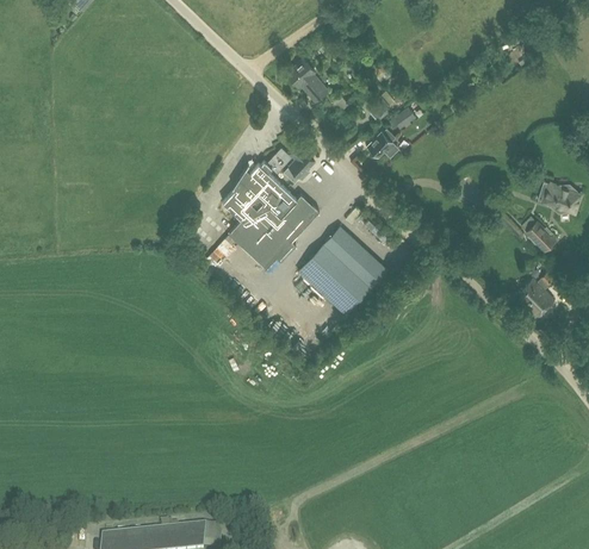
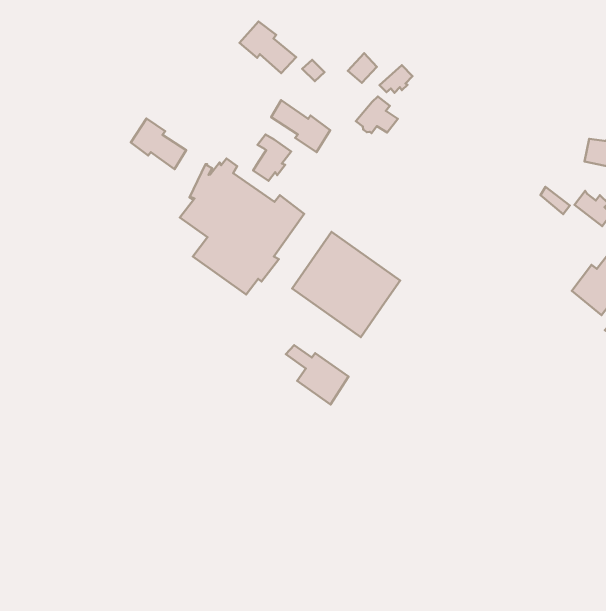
building: none -> [271,100,330,152]
building: none -> [131,118,186,169]
building: none -> [286,345,348,404]

